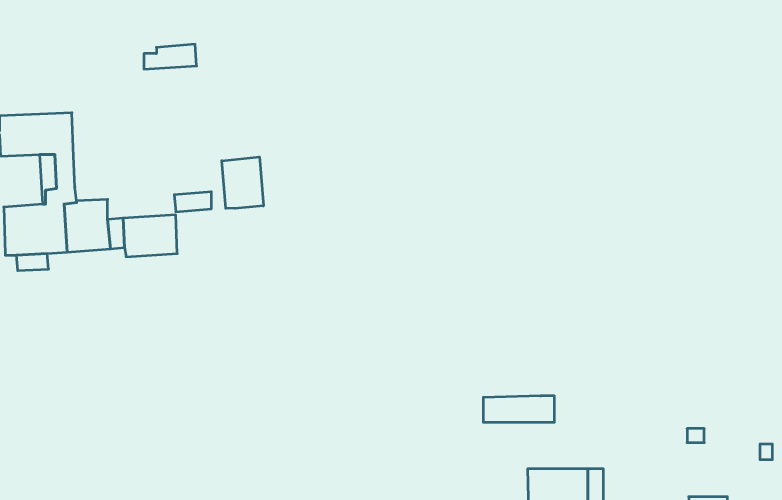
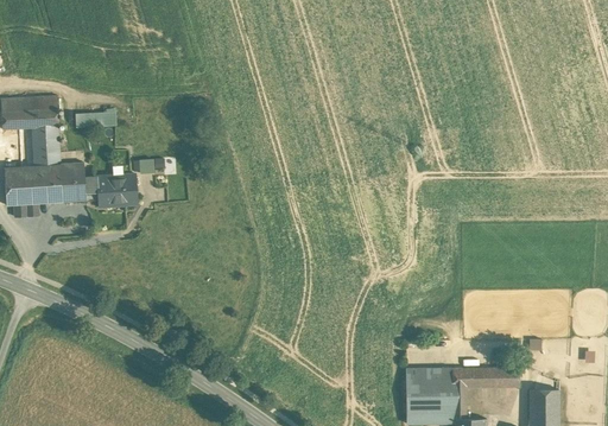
building: [144,44,197,69] -> [76,108,116,127]
building: [222,157,263,208] -> none
building: [483,396,554,422] -> [464,368,519,388]

